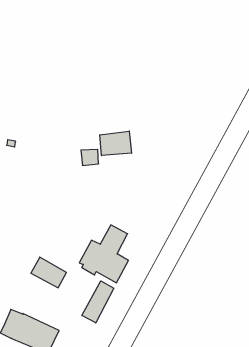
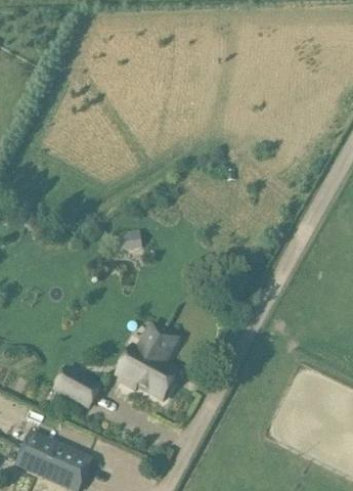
building: [100,131,131,156] -> none
building: [82,281,114,323] -> none

